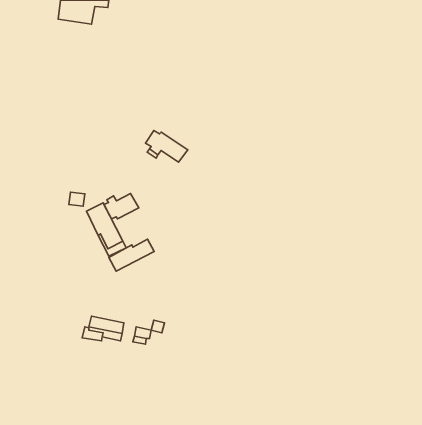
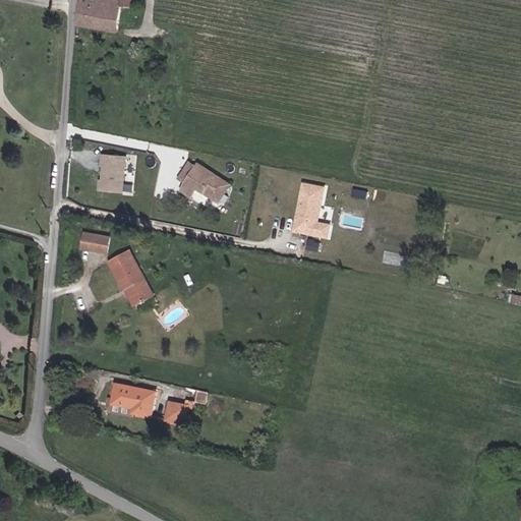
building: none -> [99,153,126,192]
building: none -> [292,181,331,238]
building: [104,193,139,219] -> none
building: [109,239,154,271] -> none

